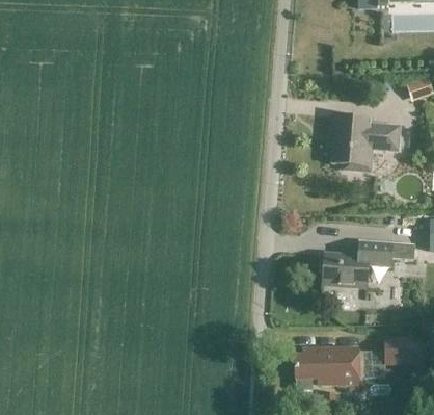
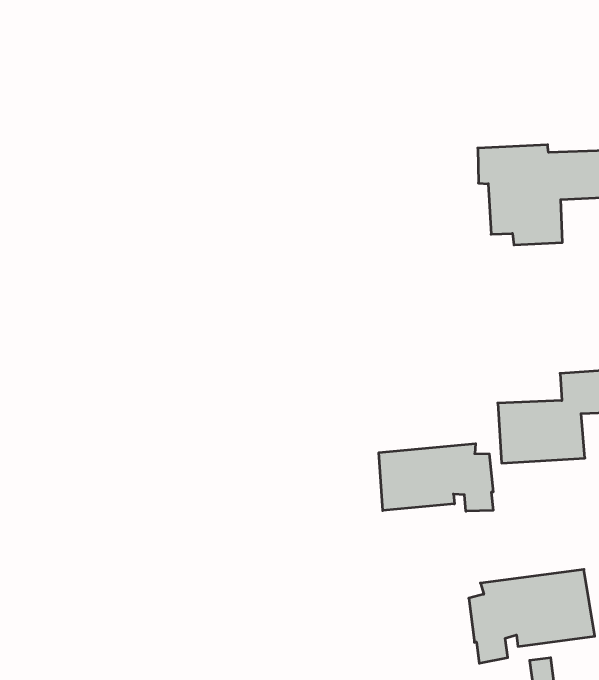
building: none -> [379,444,493,511]

